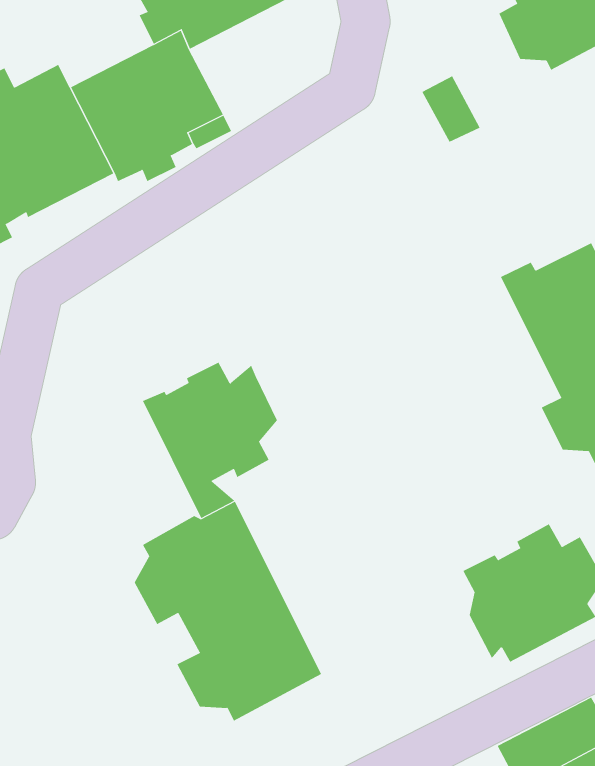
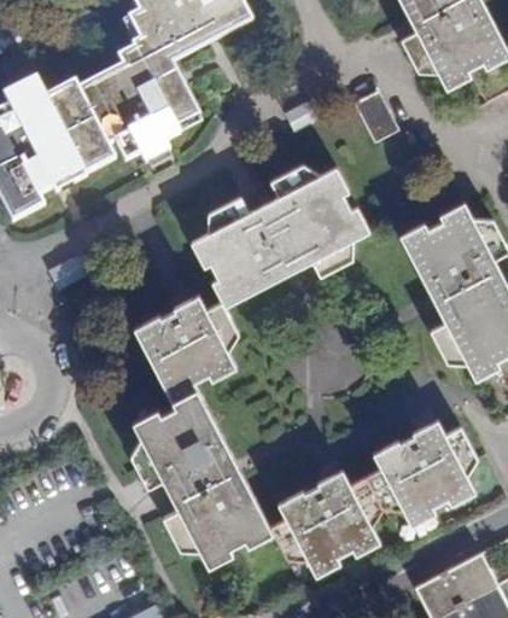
building: none -> [194,167,360,308]
building: none -> [269,473,395,575]

